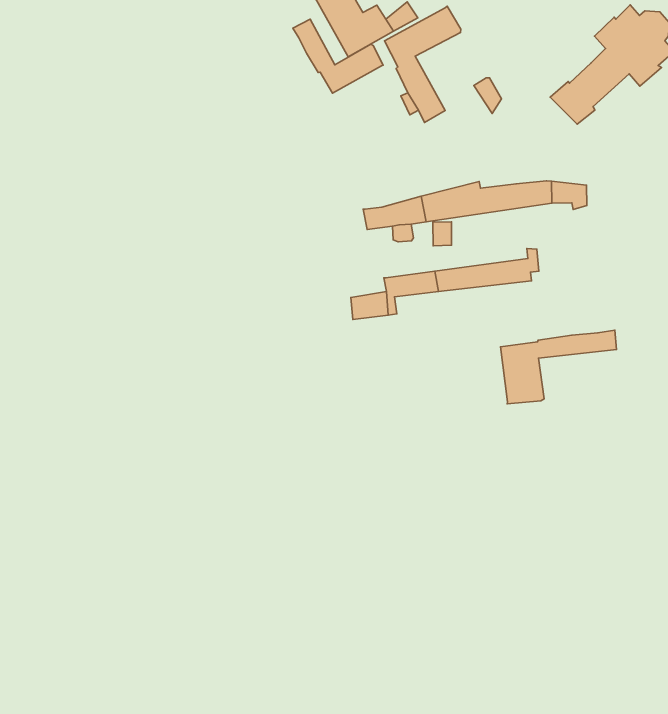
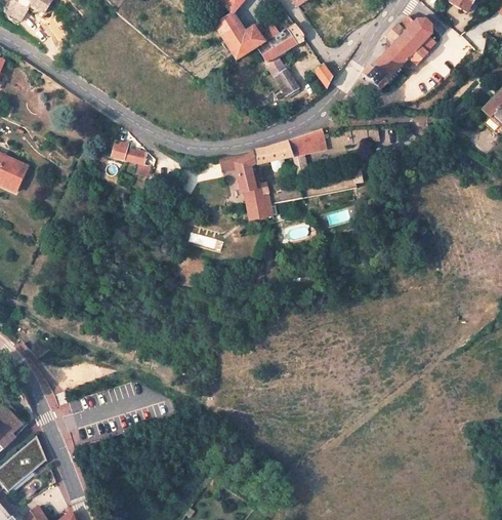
building: [293,19,383,93] -> none
building: none -> [112,142,149,176]
building: none -> [218,152,256,193]
building: [501,330,616,404] -> none

